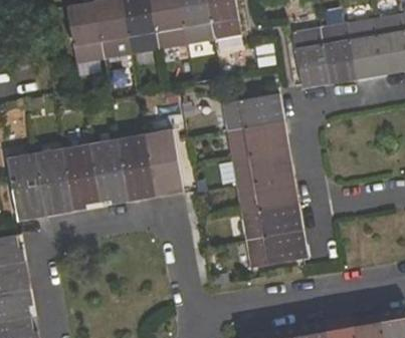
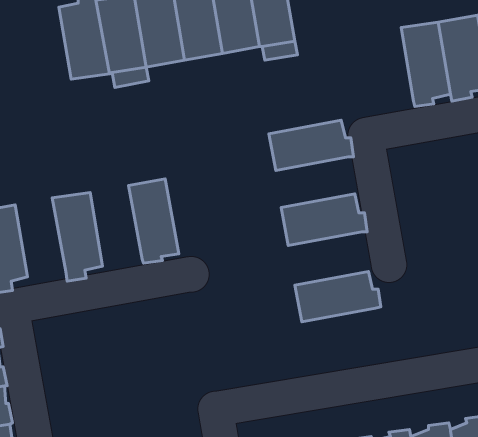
building: [292,26,329,89] -> none
building: [227,121,289,158] -> none
building: [146,132,184,199] -> none
building: [90,142,129,204] -> none
building: [35,151,72,215] -> none
building: [236,177,300,216] -> none
building: [246,233,310,270] -> none

